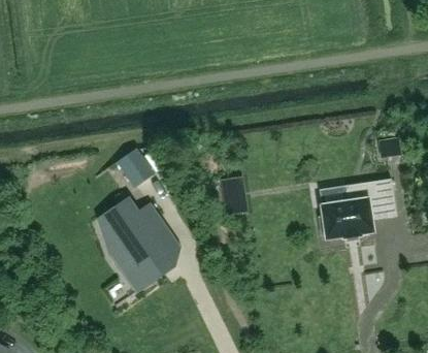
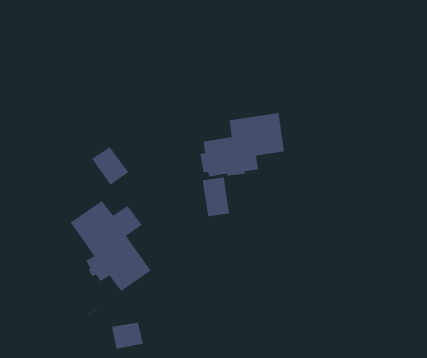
building: [318,179,396,238] -> [200,112,285,177]
building: none -> [111,322,143,349]

